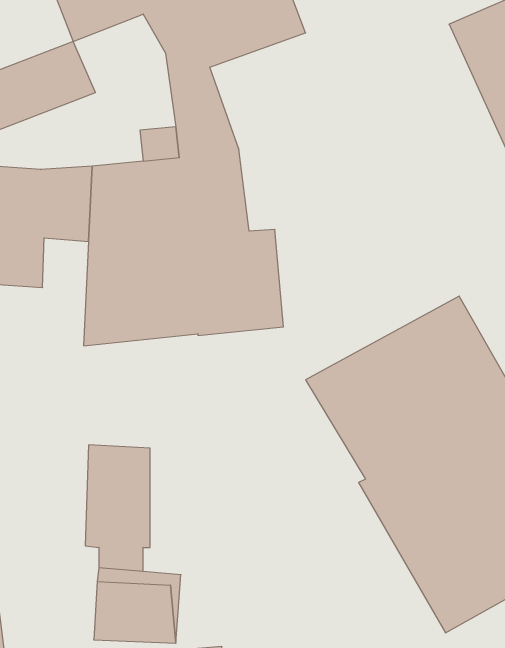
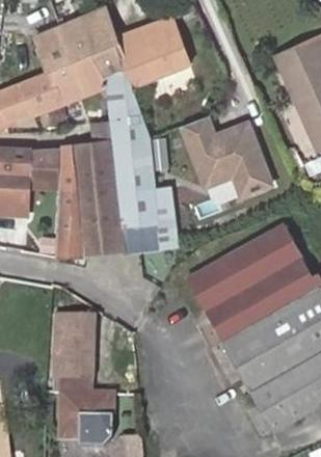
building: none -> [48,54,105,102]
building: none -> [184,117,269,199]

